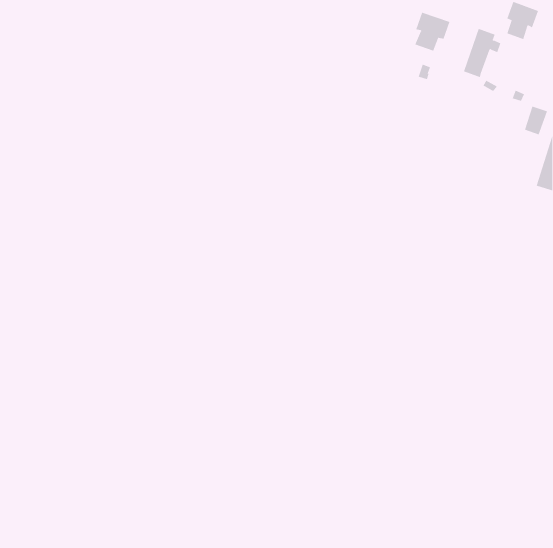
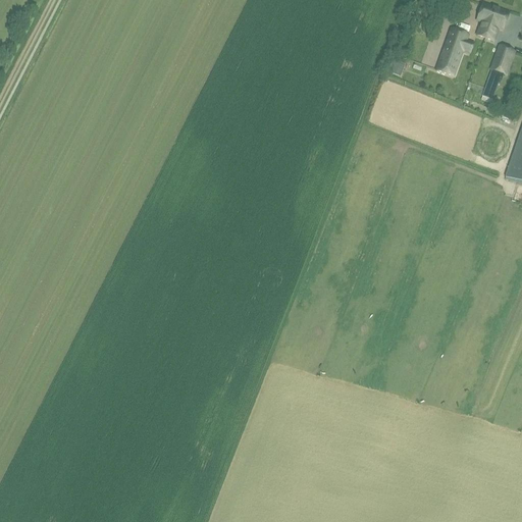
building: [415,12,450,52] -> none
building: [524,106,548,135] -> [491,44,514,71]

